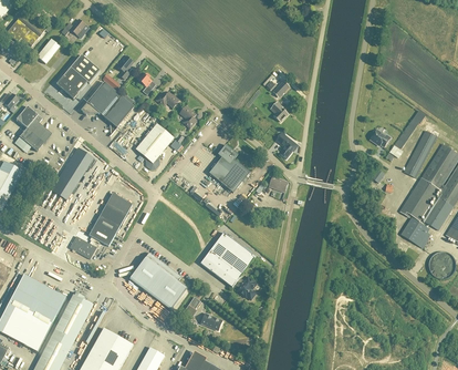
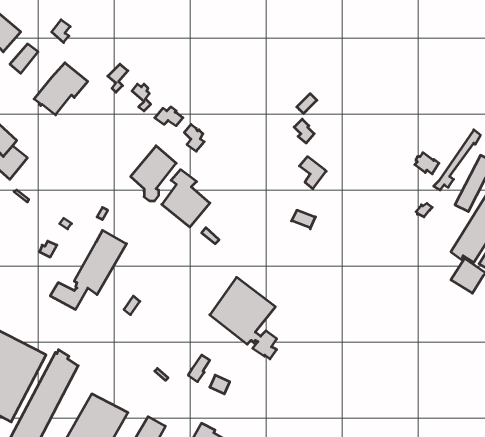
building: [81,81,131,135] -> none
building: [209,144,249,192] -> [162,170,210,227]
building: [51,147,91,198] -> none
building: [128,251,190,309] -> none

